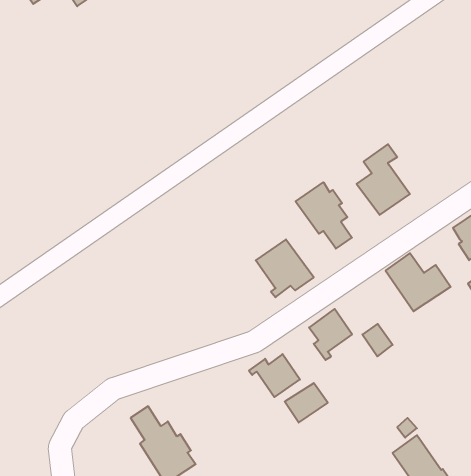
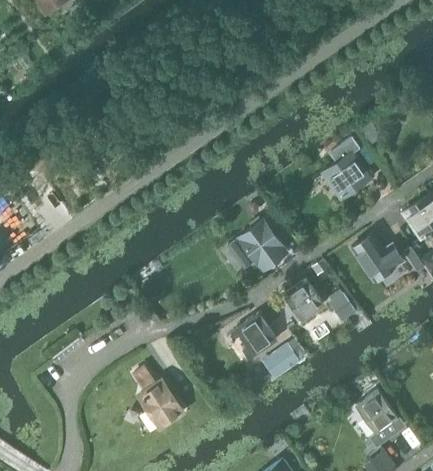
building: [296,182,352,249] -> none

